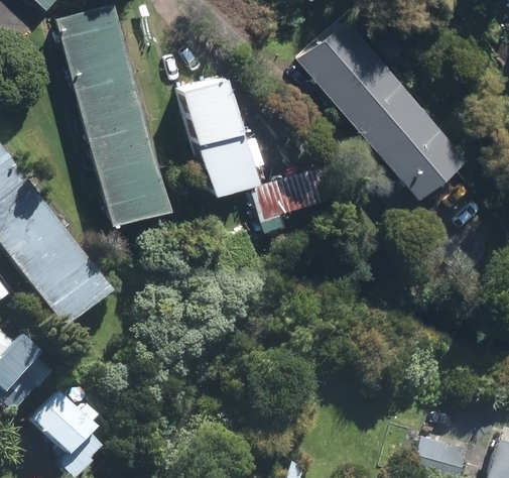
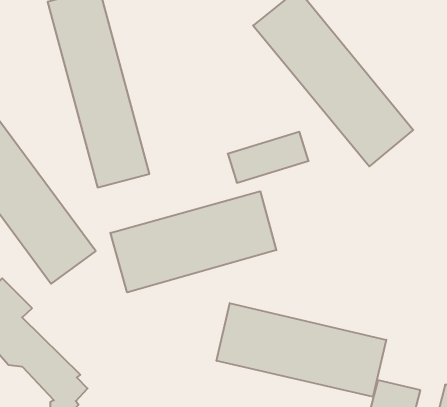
building: [177,76,253,191] -> none
building: none -> [110,191,276,292]
building: none -> [217,303,386,397]

